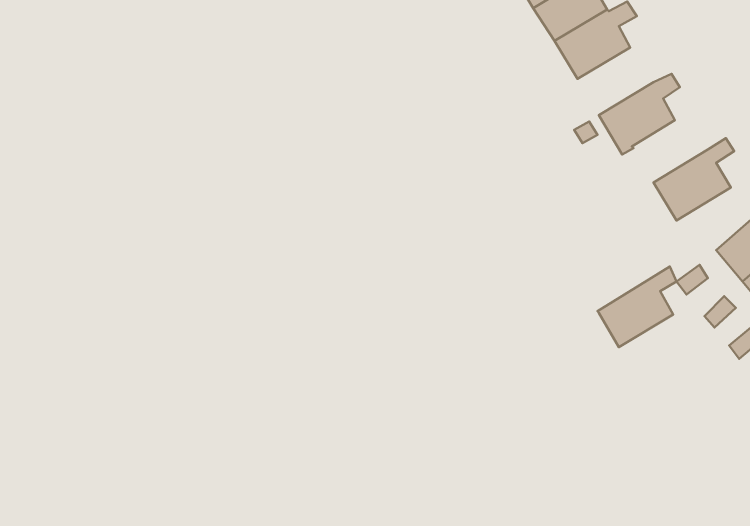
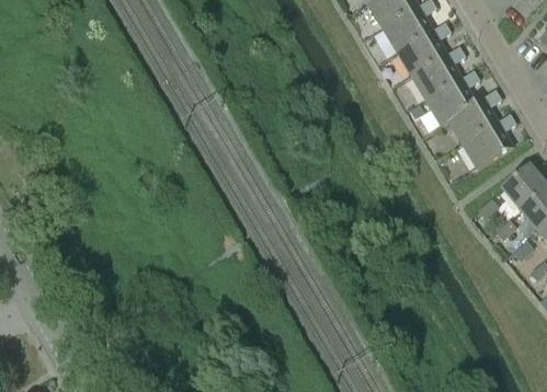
building: none -> [410,45,464,97]
building: [597,267,676,347] -> [446,89,499,142]

